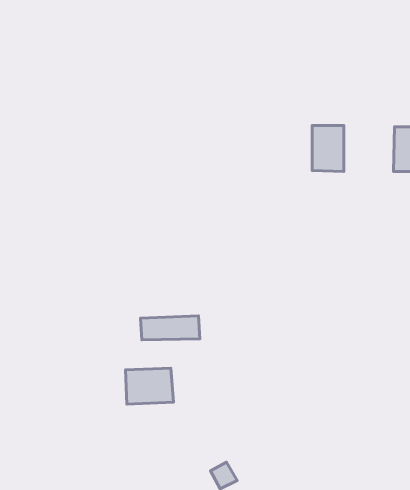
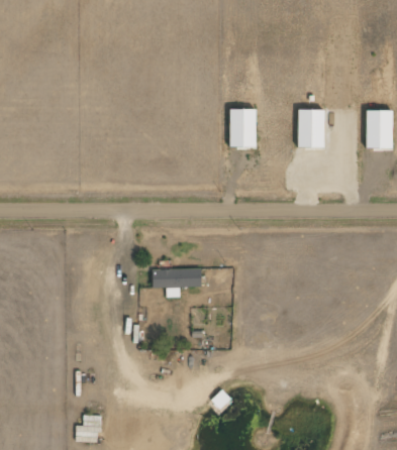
building: none -> [229,109,256,146]
building: [125,368,174,404] -> none

